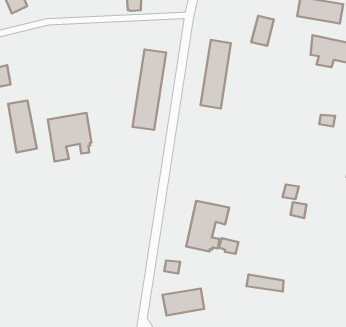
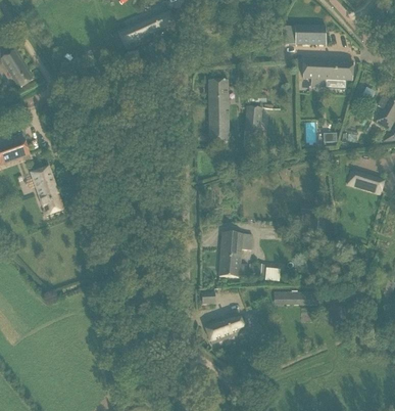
building: [251,16,274,46] -> [245,106,262,133]
building: [132,49,166,130] -> none
building: [48,113,92,162] -> none

